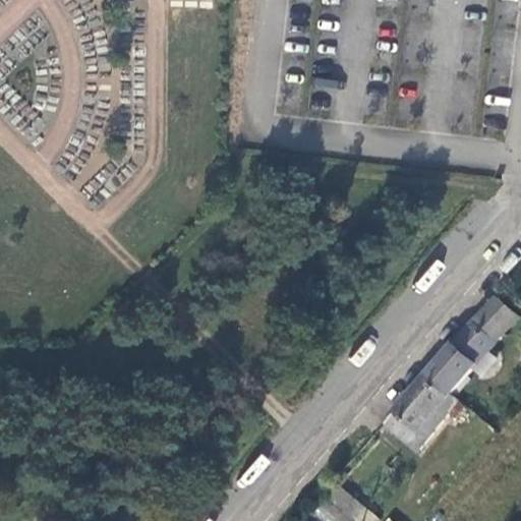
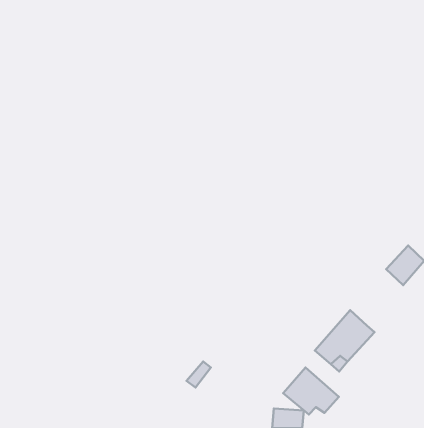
building: [424,326,488,394] -> none
building: none -> [283,367,339,414]

